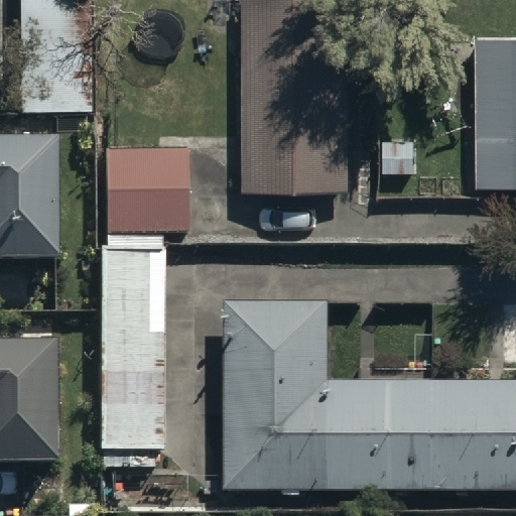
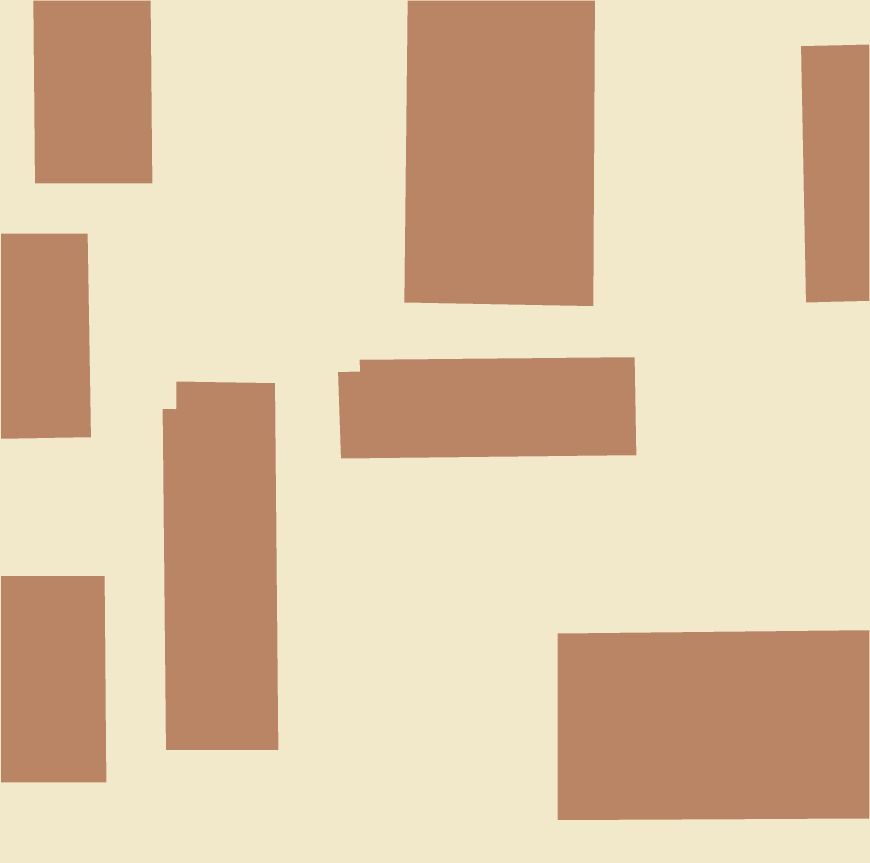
building: [103,149,188,231] -> none
building: none -> [337,356,637,459]
building: [224,299,330,491] -> none

